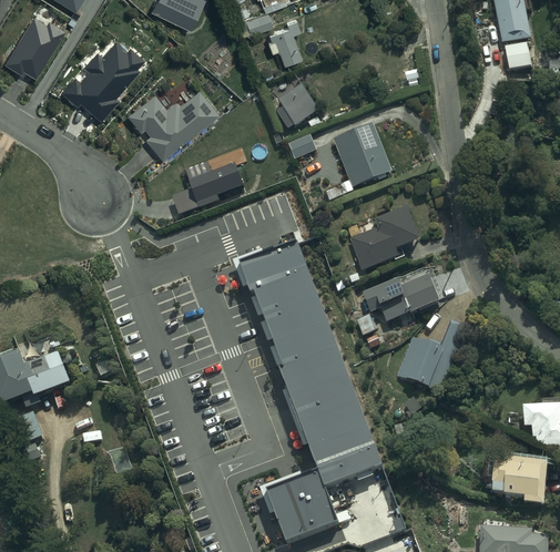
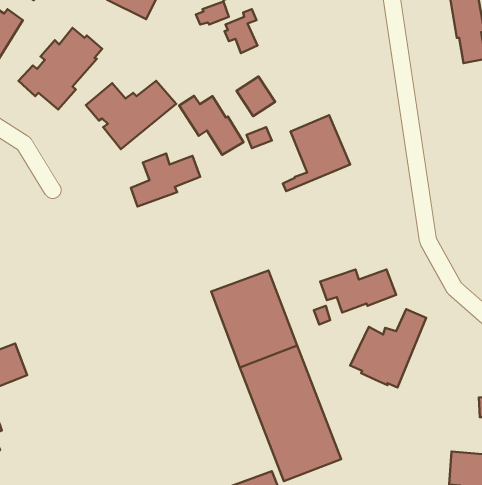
building: none -> [179,96,243,155]
building: [352,207,419,269] -> none
building: [244,249,312,299] -> none

